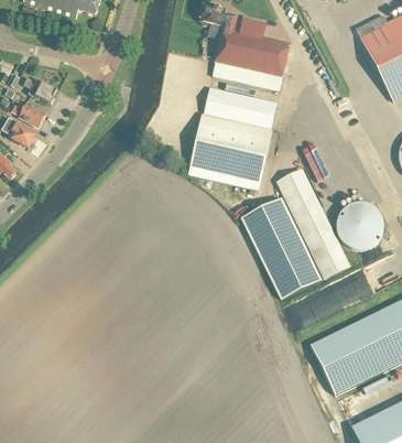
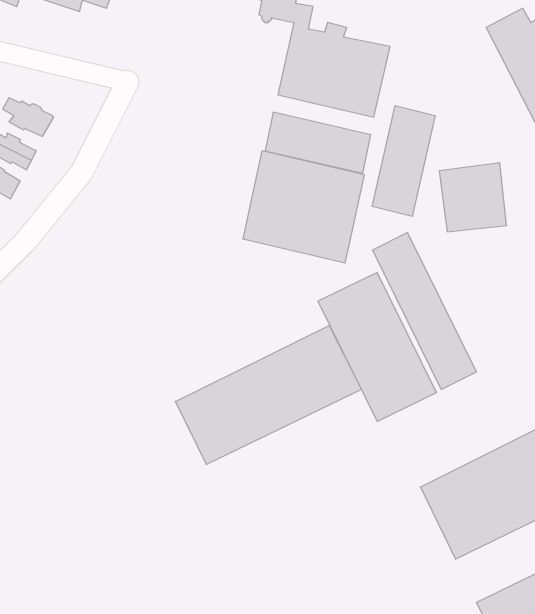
building: none -> [372,106,435,216]
building: [336,199,382,247] -> [439,163,506,232]
building: none -> [175,326,361,465]

